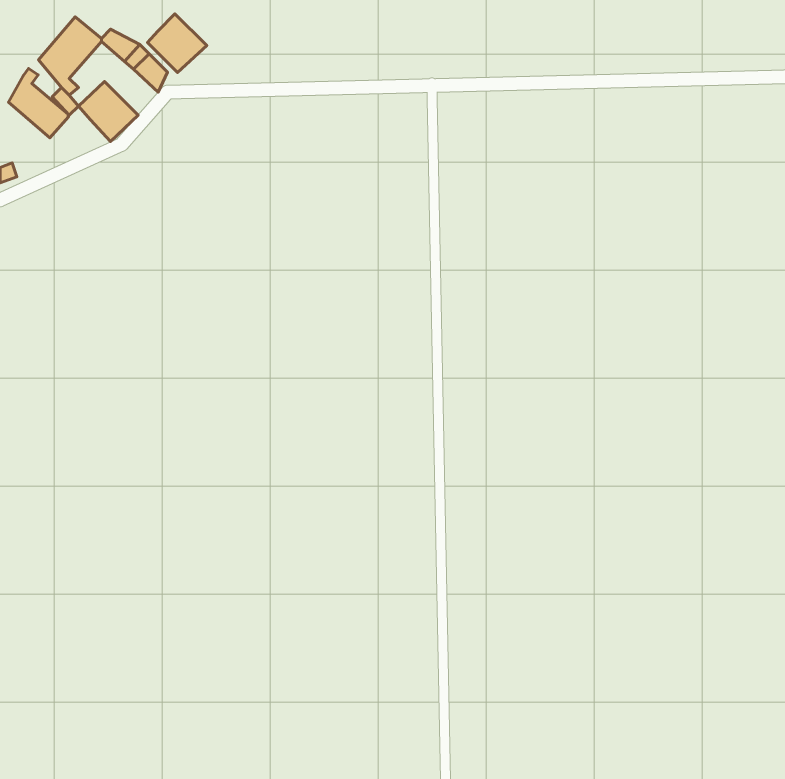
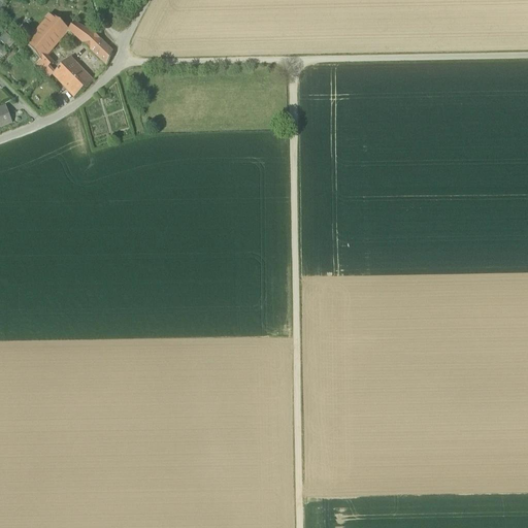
building: [147,14,207,73] -> none
building: [8,69,69,138] -> none

